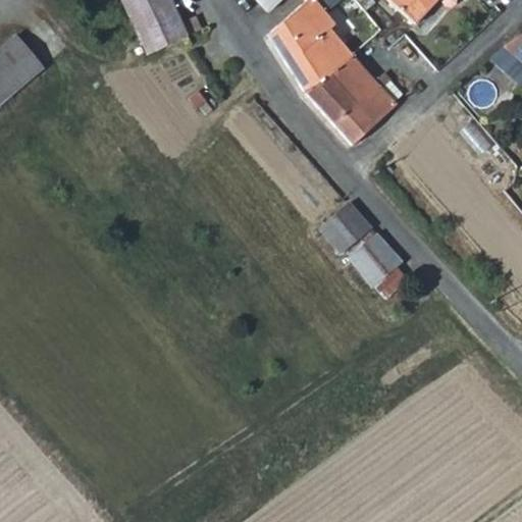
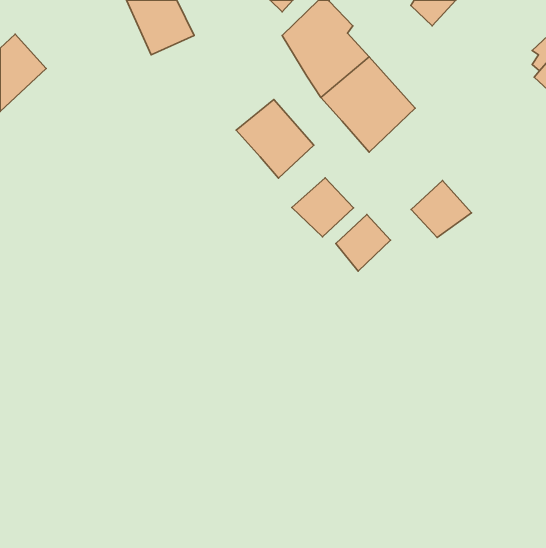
building: none -> [236,100,314,178]
building: none -> [292,178,354,237]
building: [348,232,405,286] -> [411,180,471,237]

